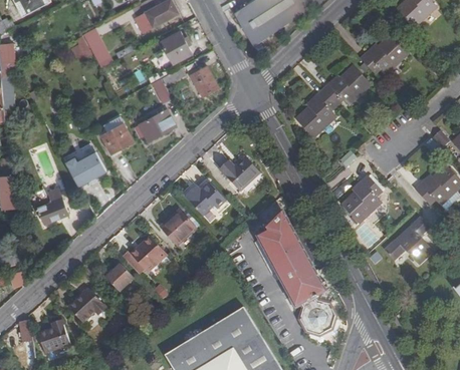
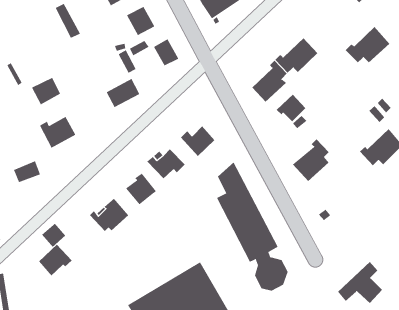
building: [359,33,408,73] -> [345,26,390,63]
building: [101,123,134,153] -> [31,77,61,105]
building: none -> [276,94,306,122]
building: [385,217,434,263] -> [337,261,383,304]
building: [103,267,131,294] -> [41,223,66,248]
building: [35,321,68,354] -> none

